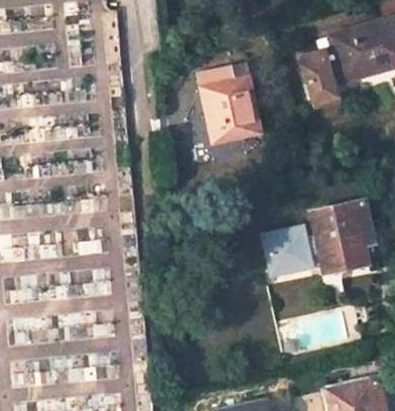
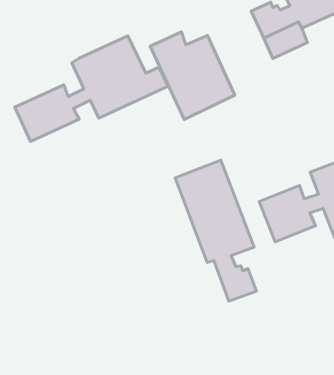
building: none -> [15,36,168,141]
building: none -> [175,160,256,301]

